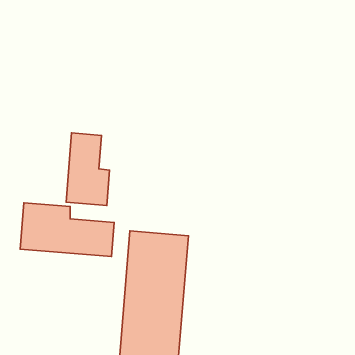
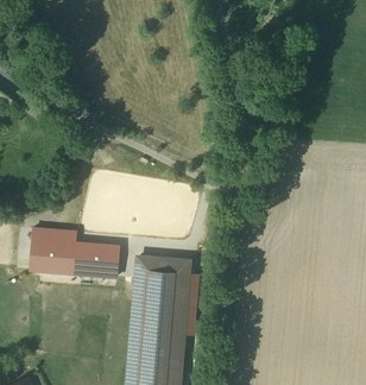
building: [66,133,110,206] -> none

